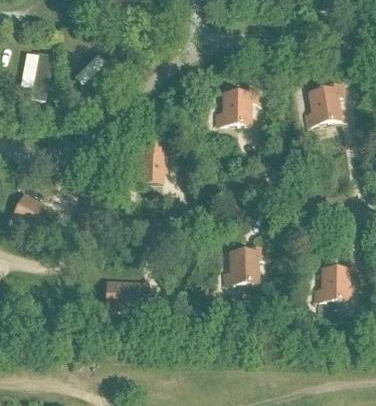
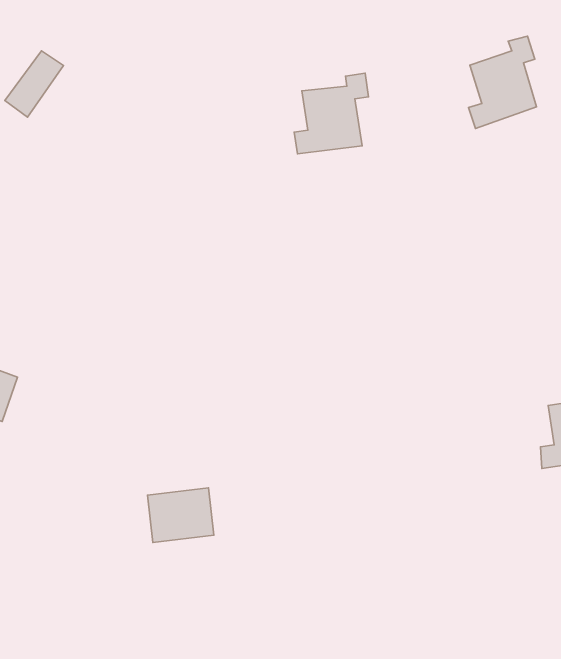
building: [137,144,168,182] -> none
building: [224,246,263,284] -> none

